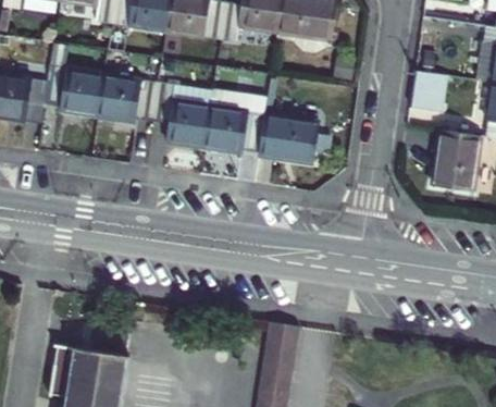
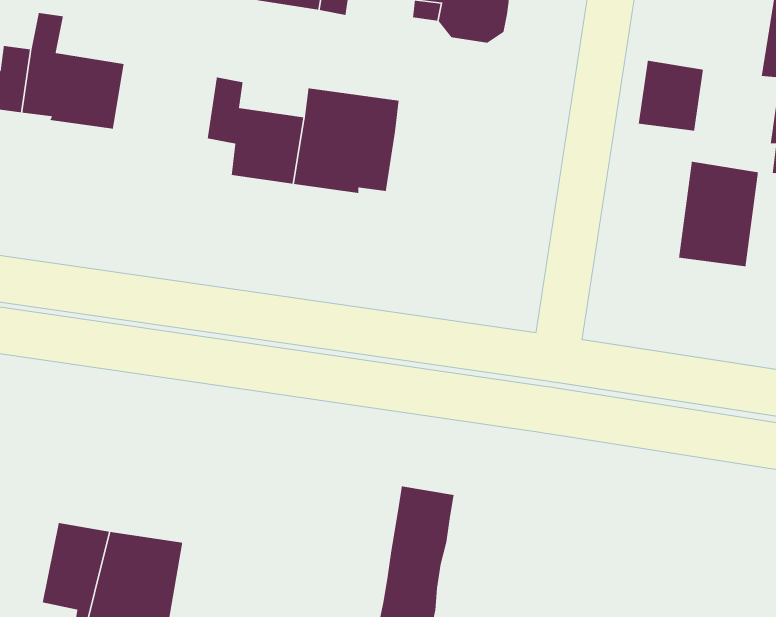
building: [95,73,156,118] -> none
building: [256,113,317,161] -> none

